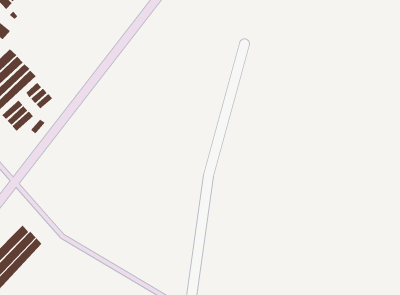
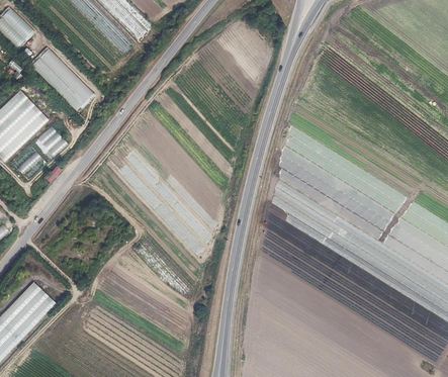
building: none -> [30,48,90,108]

